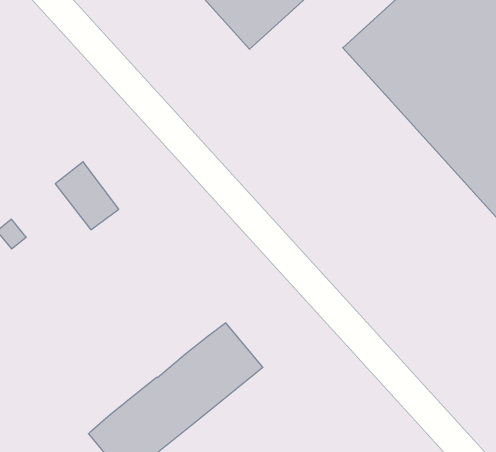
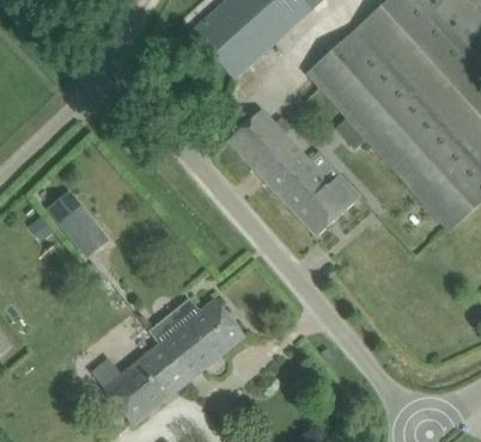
building: none -> [226,108,360,235]
building: [55,162,119,230] -> [47,190,98,245]

